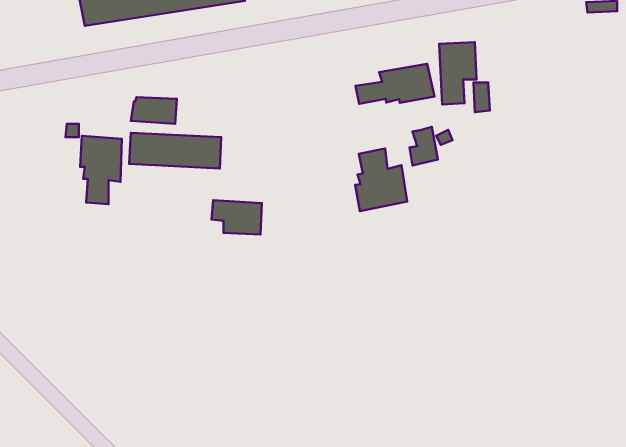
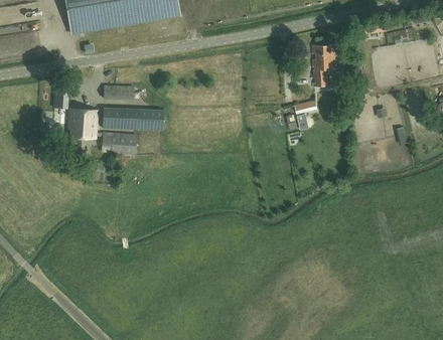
building: [356,64,434,104] -> none
building: [355,149,407,211] -> none
building: [212,200,262,234] -> [101,132,135,155]

